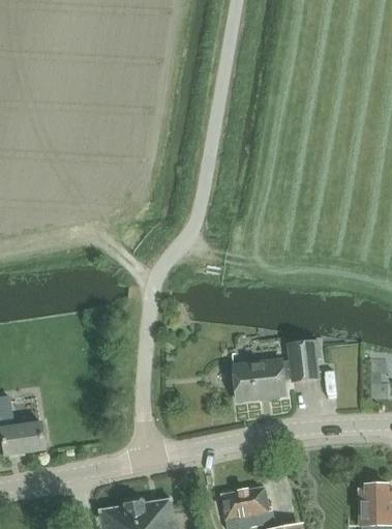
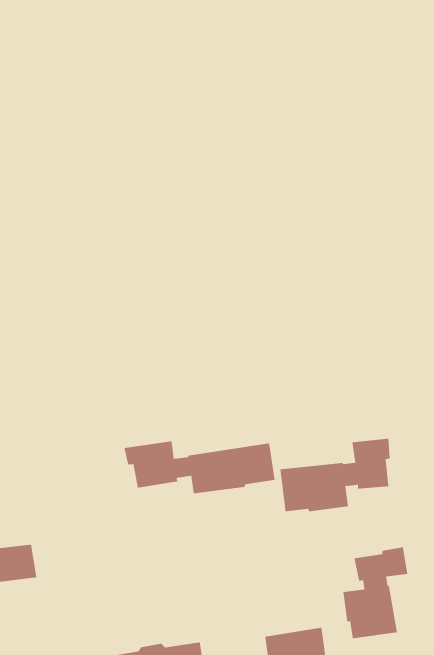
building: none -> [124,440,275,494]
building: none -> [343,546,408,639]

